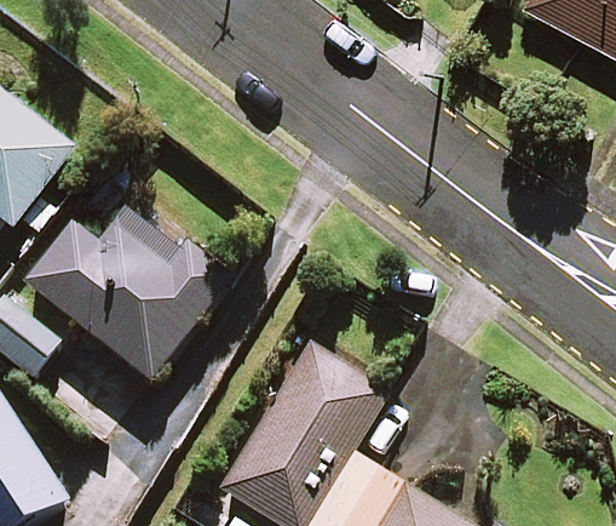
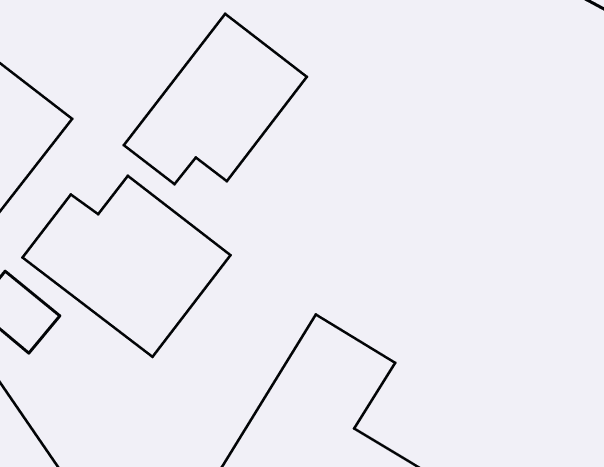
building: none -> [124,14,307,184]

